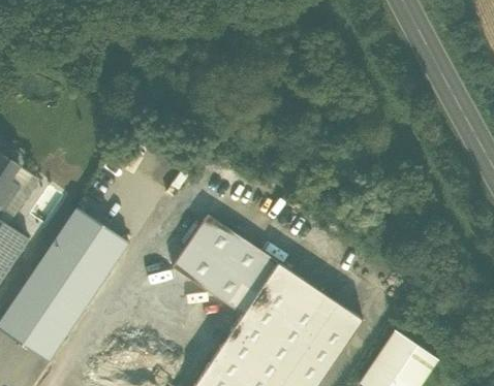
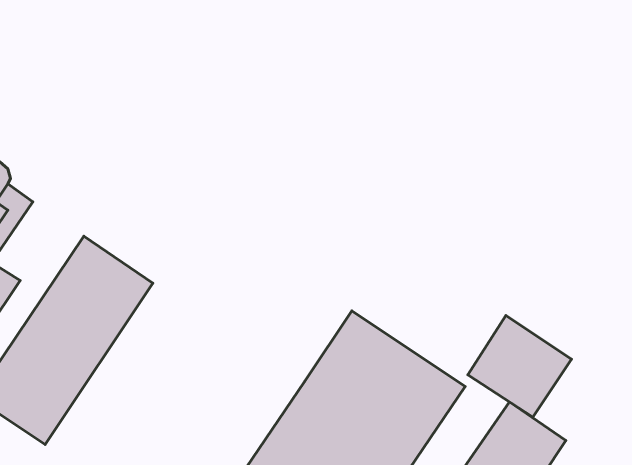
building: [172,215,277,315] -> none
building: none -> [468,315,572,417]

